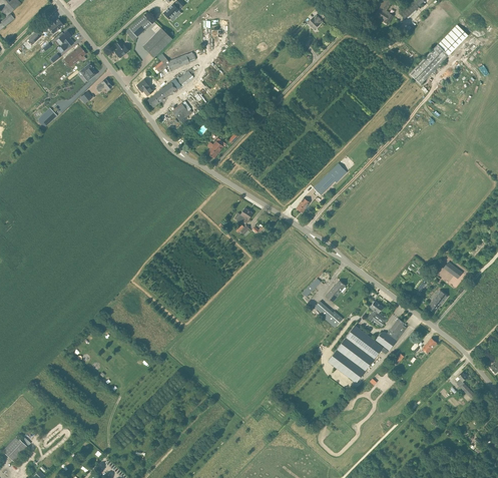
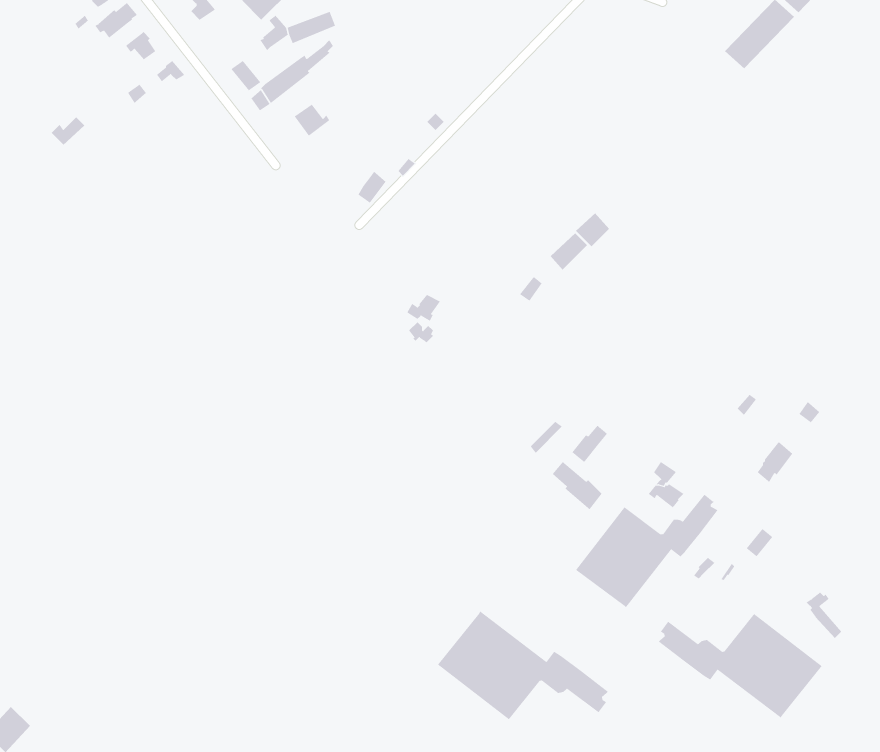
building: none -> [437,611,609,720]
building: none -> [658,613,822,719]

